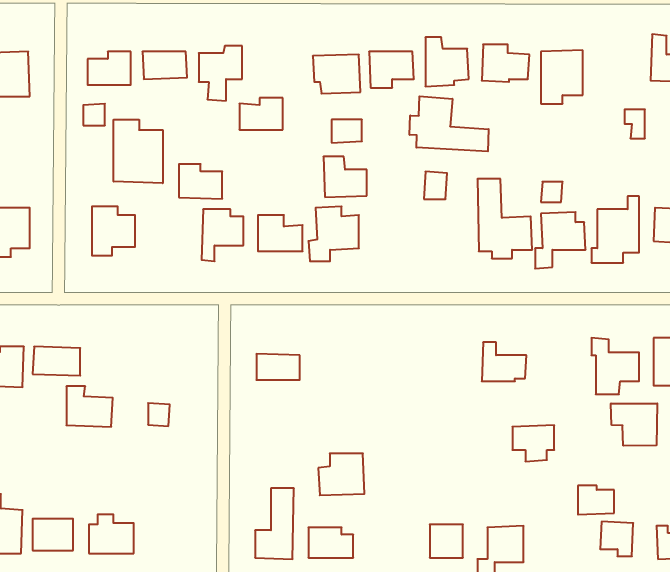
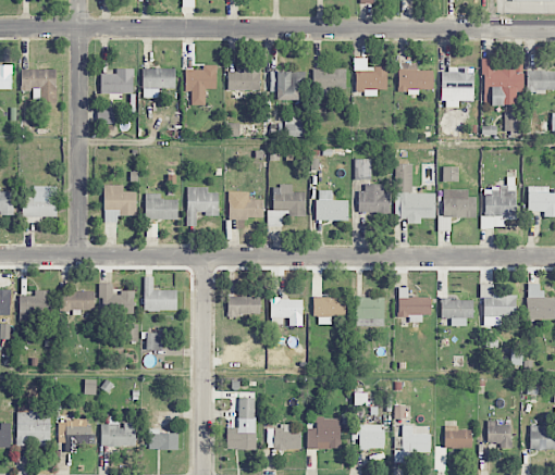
building: none -> [483,58,522,105]
building: [410,96,489,151] -> none
building: [239,98,283,130] -> [227,66,260,90]
building: [114,120,163,183] -> none
building: [323,157,367,197] -> [316,190,348,221]
building: [179,164,222,199] -> [145,193,177,220]
building: none -> [359,184,390,214]
building: none -> [144,276,176,311]
building: none -> [314,297,345,324]
building: none -> [355,297,384,326]
building: none -> [270,298,303,326]
building: [66,386,113,427] -> [99,284,134,314]
building: [611,403,657,446] -> none
building: [512,425,554,461] -> [441,299,472,326]
building: [318,453,364,495] -> [306,417,341,449]
building: [578,486,614,515] -> [444,426,471,448]
building: none -> [149,428,177,449]

